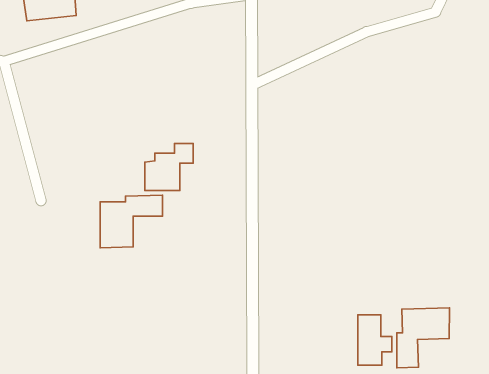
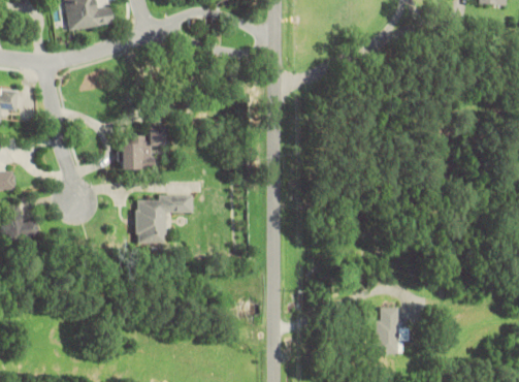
building: [145,143,193,191] -> [121,126,166,170]
building: [397,308,449,368] -> none

